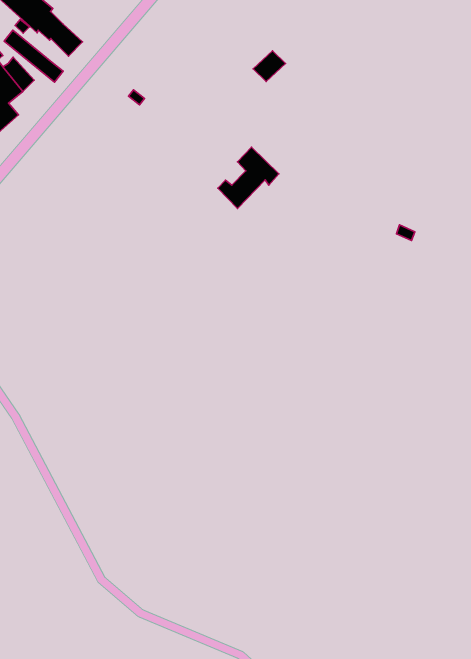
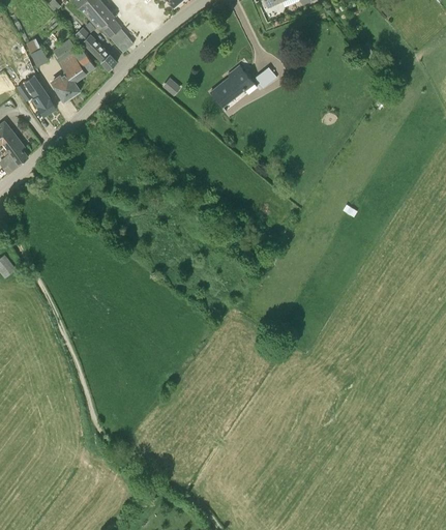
building: [218,147,279,209] -> [210,64,256,108]

